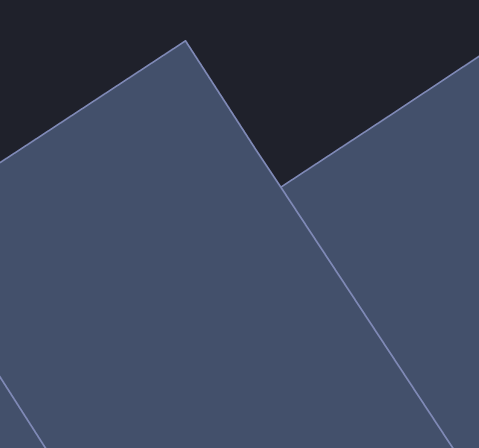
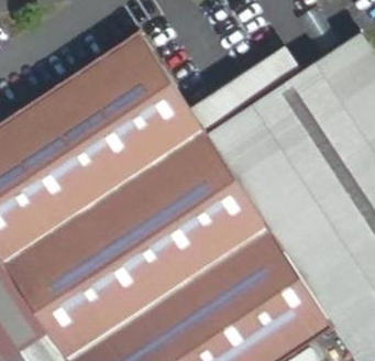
building: none -> [191,57,286,135]

